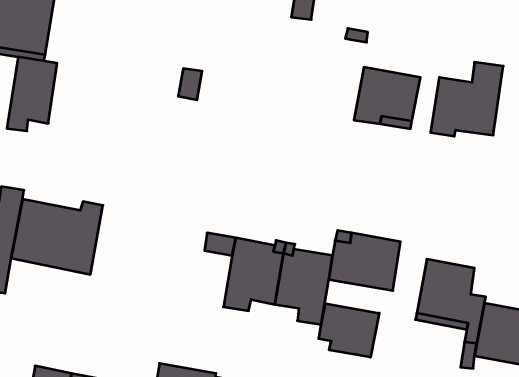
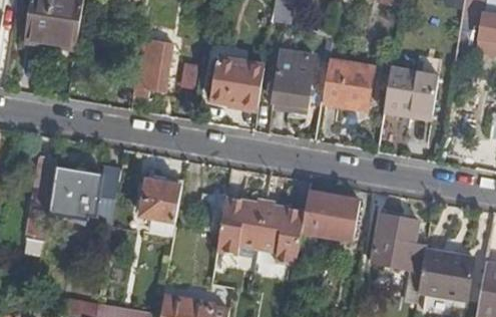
building: [7,57,57,131] -> [132,39,172,98]
building: none -> [273,53,318,110]
building: none -> [210,60,264,106]
building: none -> [140,178,183,222]
building: [319,304,379,357] -> none

